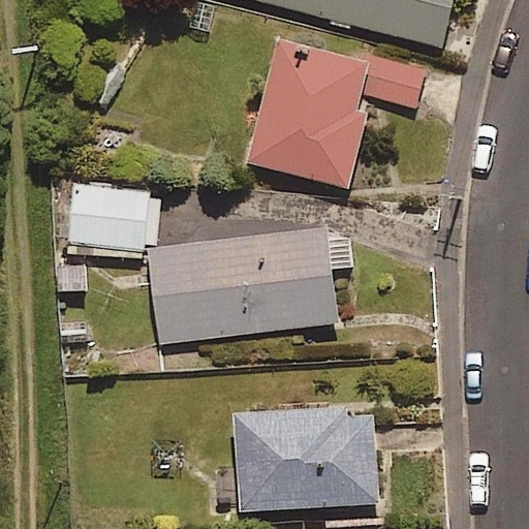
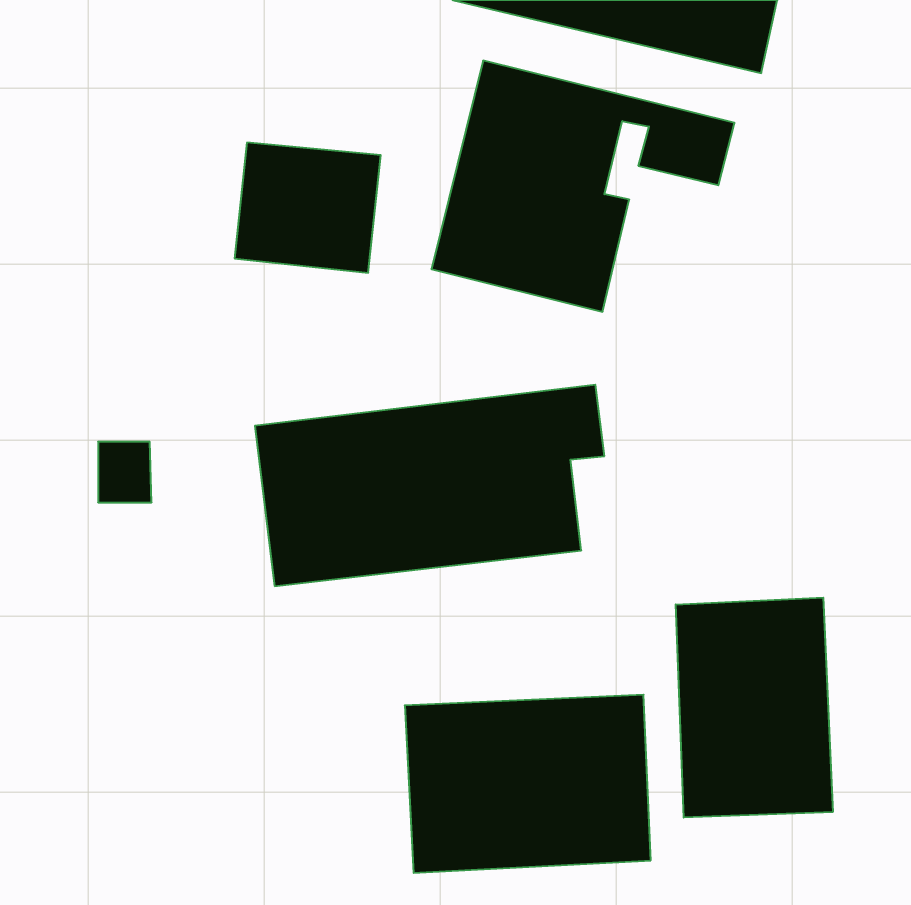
building: [64,184,149,259] -> [235,143,381,273]
building: none -> [676,598,833,818]

